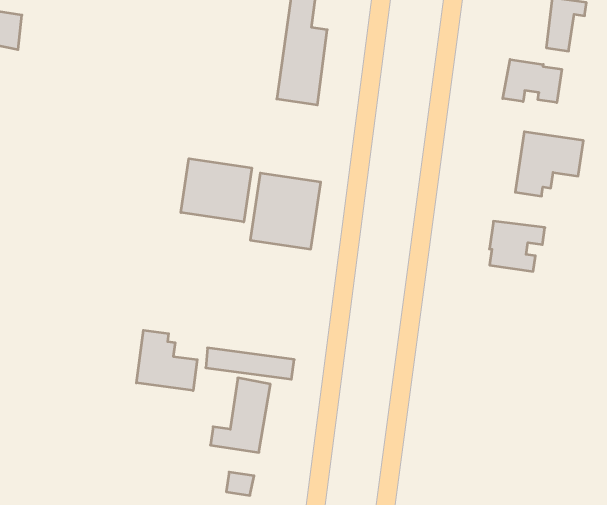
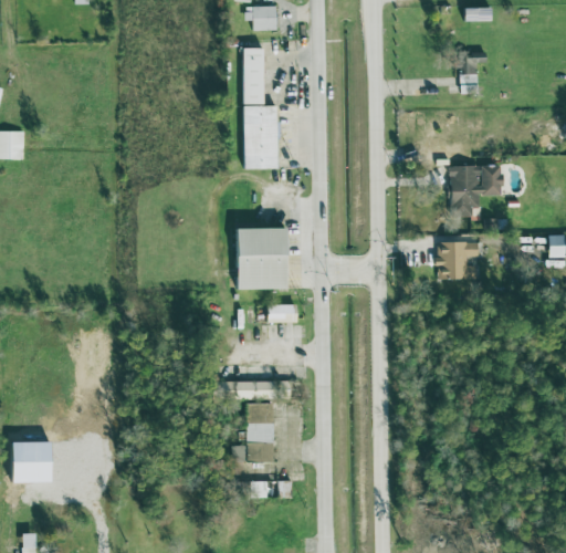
building: [503,59,562,103] -> none
building: [181,159,252,222] -> none
building: none -> [266,304,296,322]
building: [136,330,197,391] -> none

